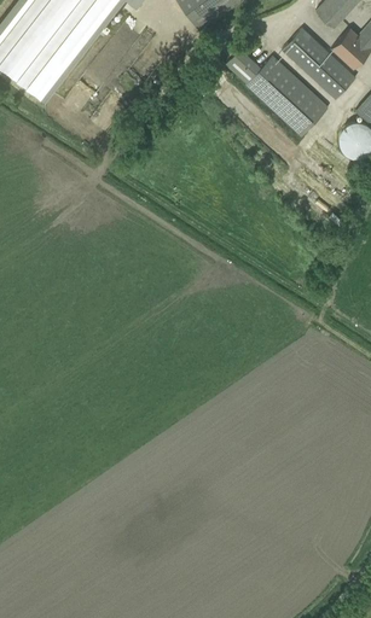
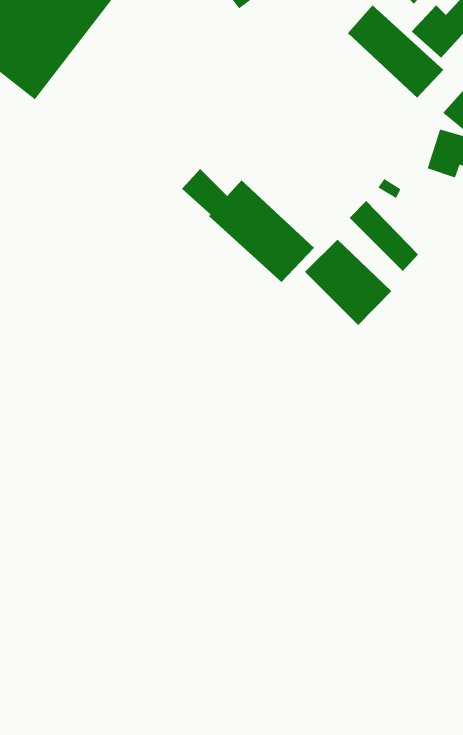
building: [225,47,326,134] -> [181,168,315,283]
building: none -> [304,239,392,326]

